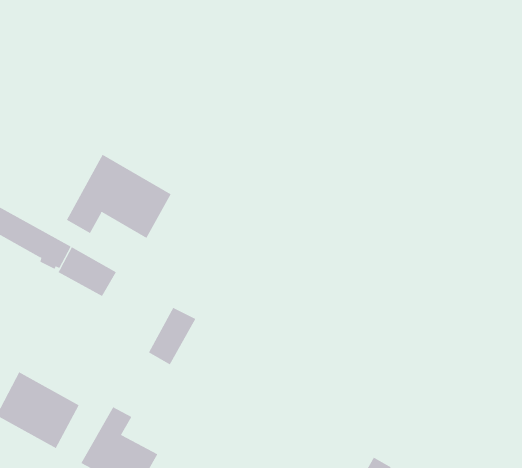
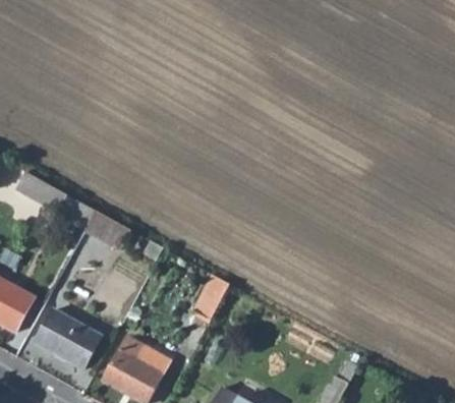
building: [66,154,171,239] -> none
building: [148,307,196,365] -> [192,275,230,321]

